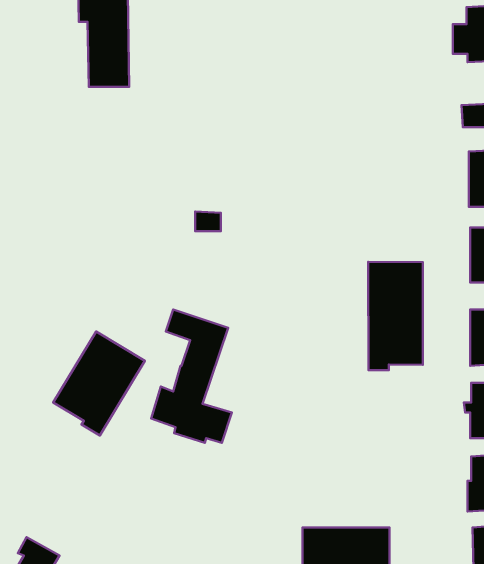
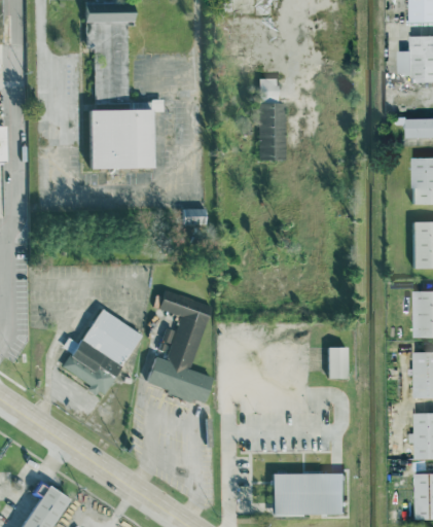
building: none -> [258,79,286,159]
building: none -> [91,102,159,170]
building: [368,262,423,370] -> none
building: none -> [328,348,348,380]

